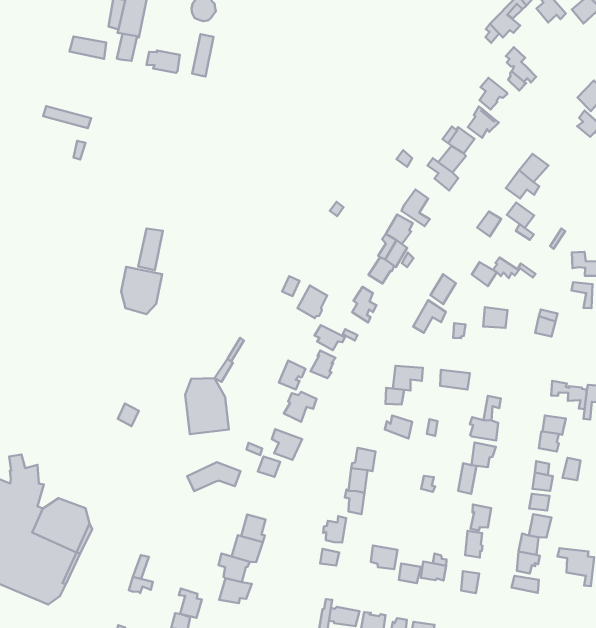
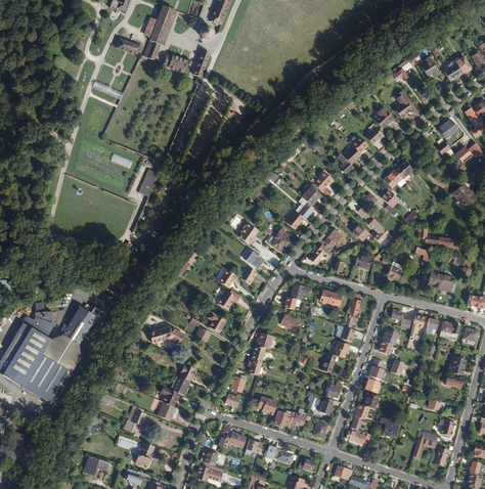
building: [121,267,162,314] -> none
building: [185,378,229,434] -> none
building: none -> [63,305,105,343]

